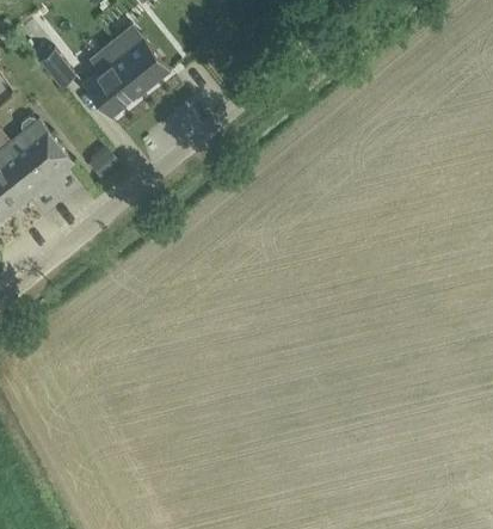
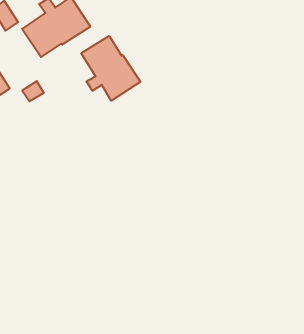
building: none -> [81,36,140,101]

